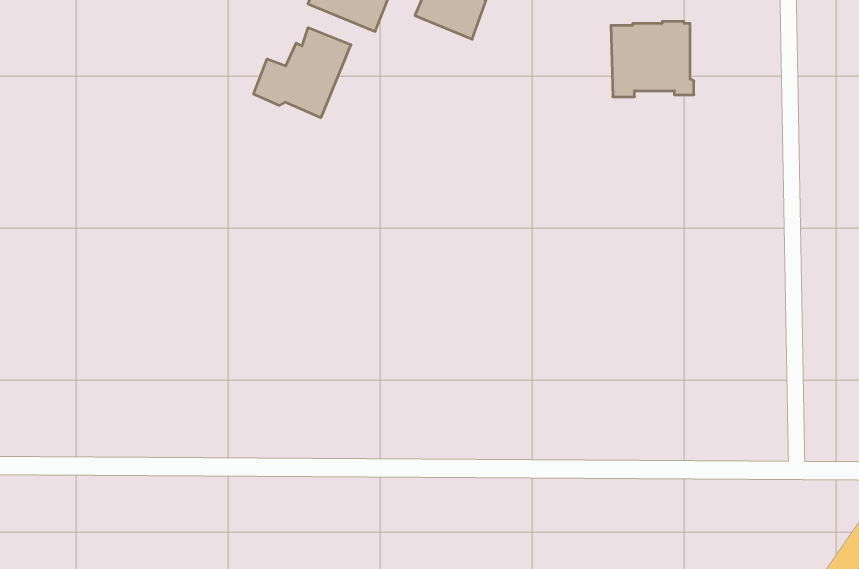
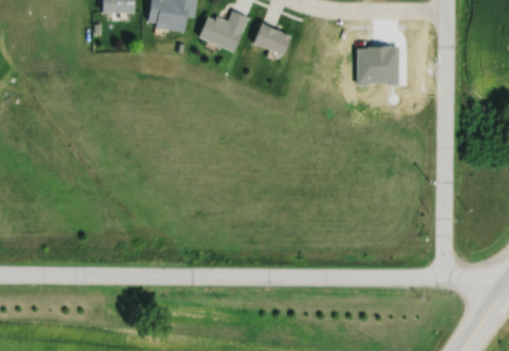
building: [254,28,351,118] -> none

